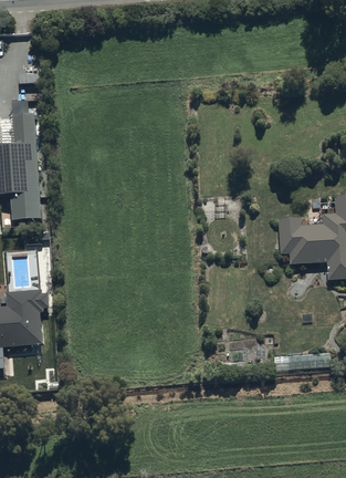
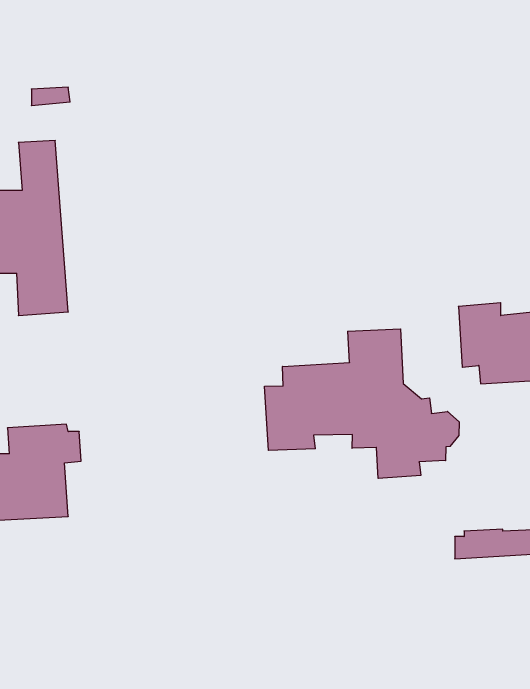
building: none -> [265,329,459,478]

